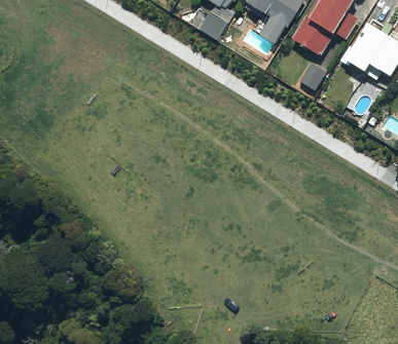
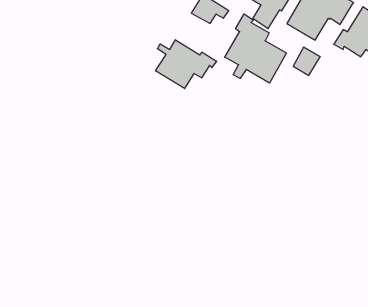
building: none -> [225,14,286,83]
building: none -> [156,40,217,89]

